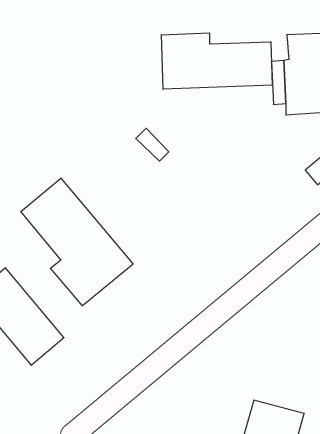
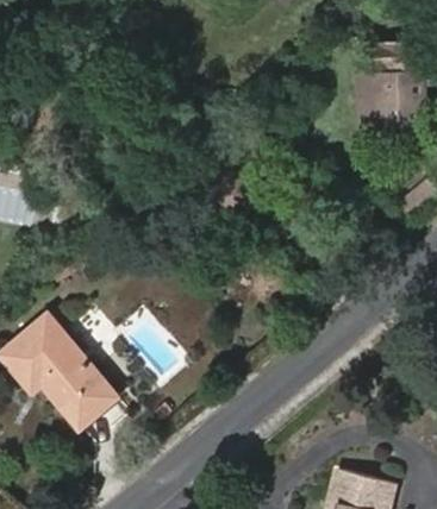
building: [161,33,272,89] -> none
building: [21,178,133,306] -> none

